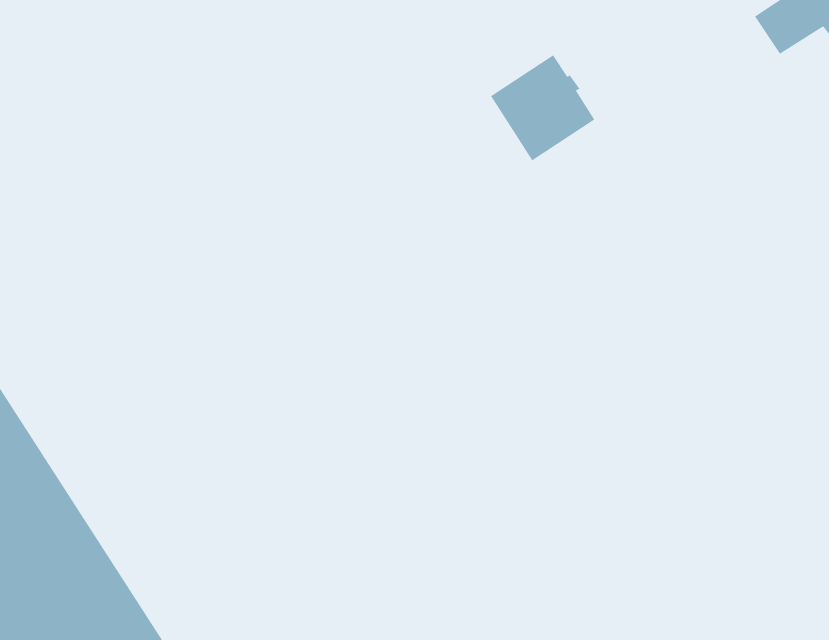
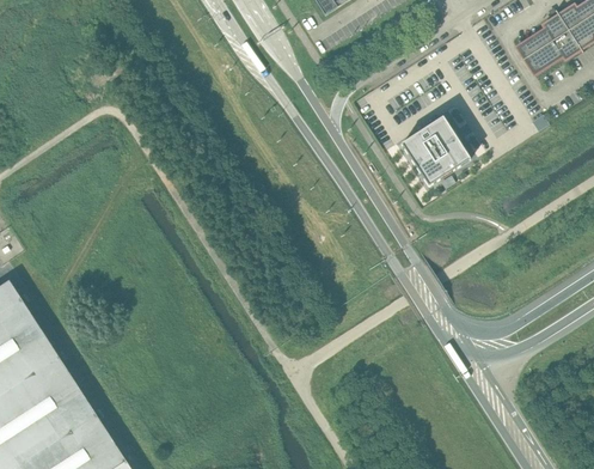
building: [490,54,595,161] -> [400,116,470,187]

